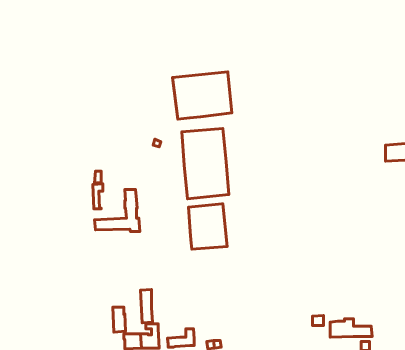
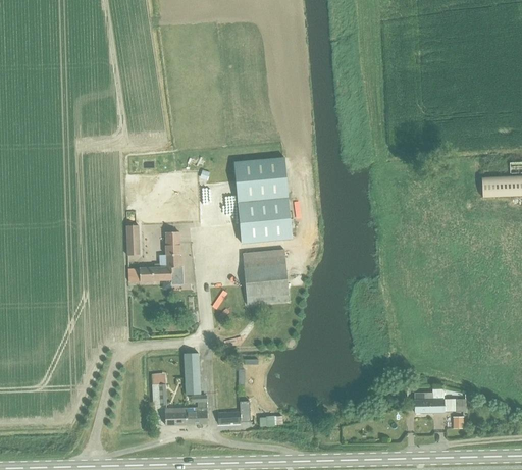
building: [173,72,232,119] -> none

